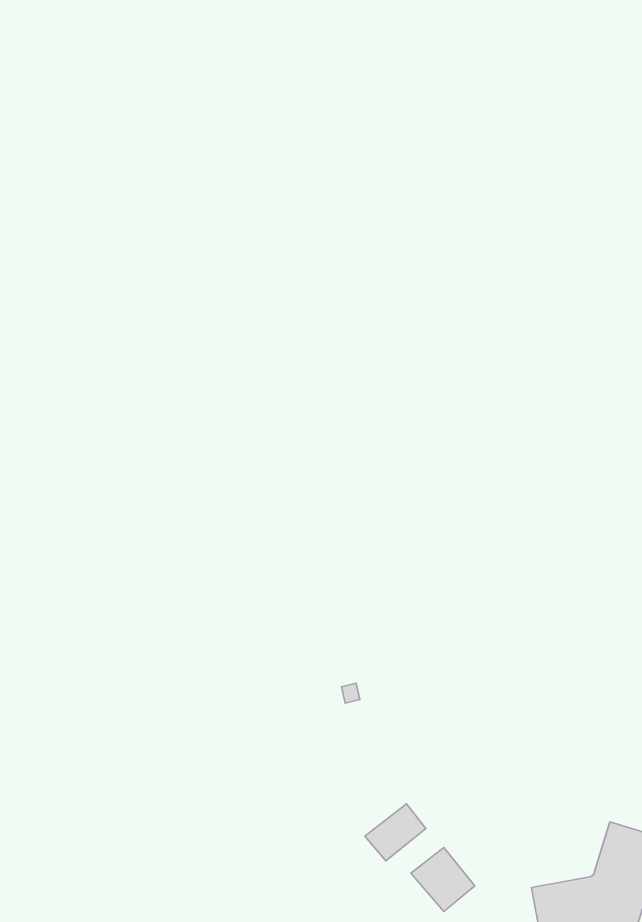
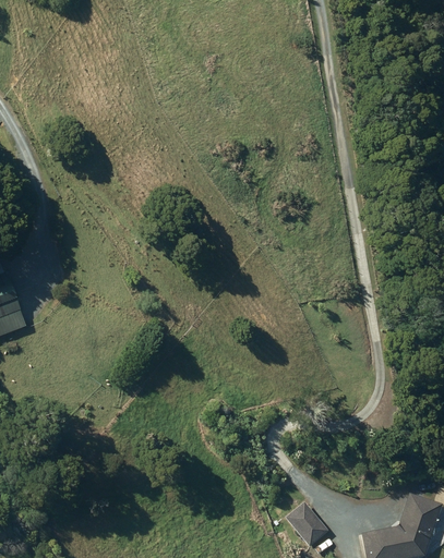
building: [365,804,426,861] -> none

